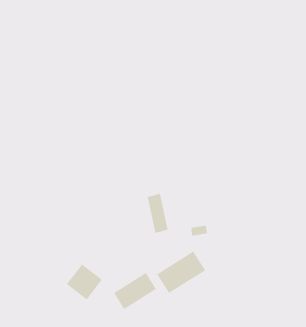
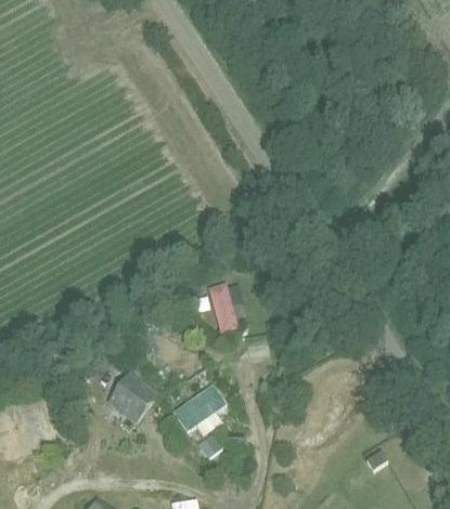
building: [156,251,206,294] -> none

